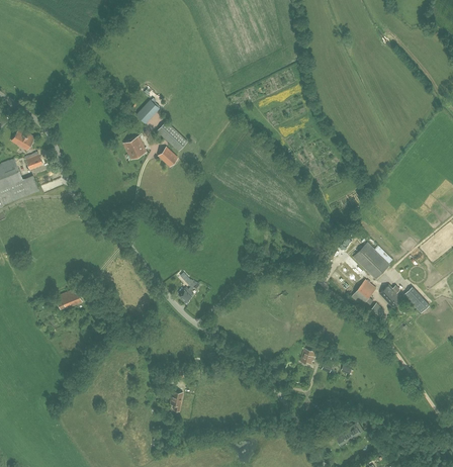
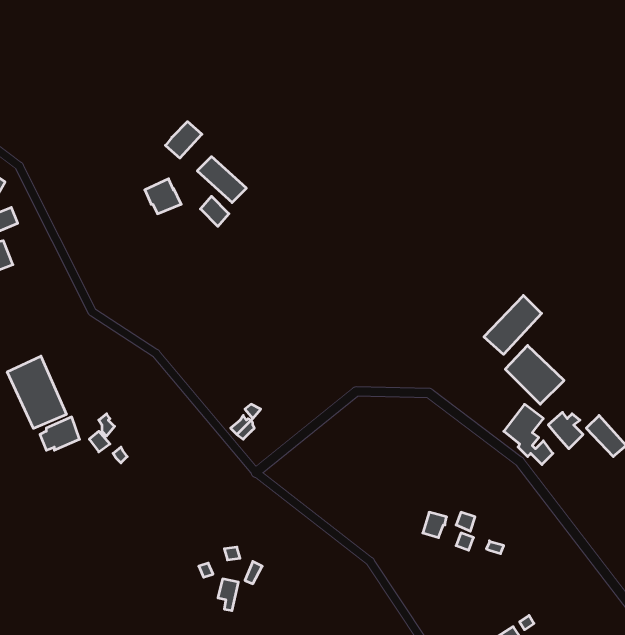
building: none -> [484,295,542,354]
building: none -> [7,356,66,428]

